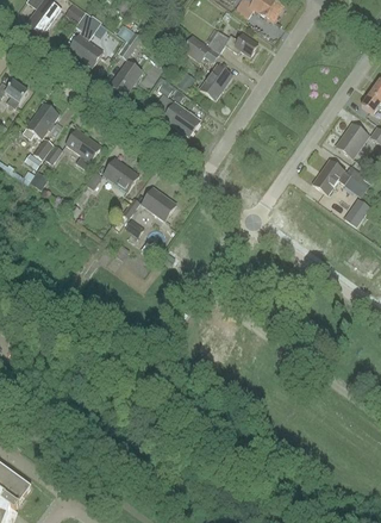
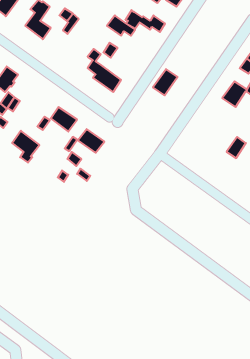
building: [111,60,143,96] -> none
building: [200,63,233,99] -> [153,69,178,95]
building: [63,126,100,169] -> [12,131,39,163]
building: [310,157,362,194] -> none

